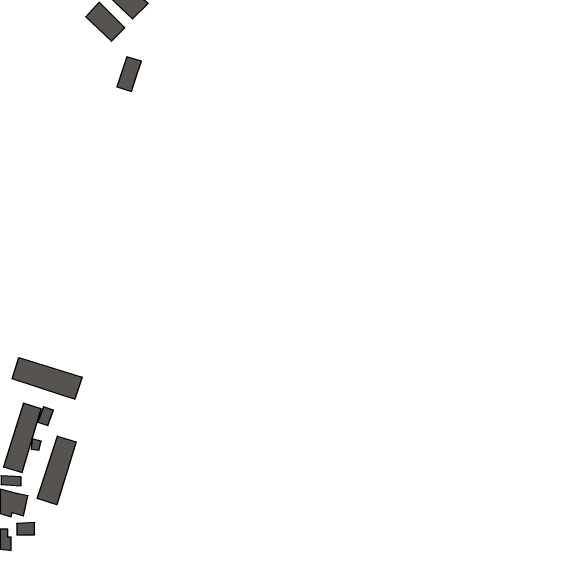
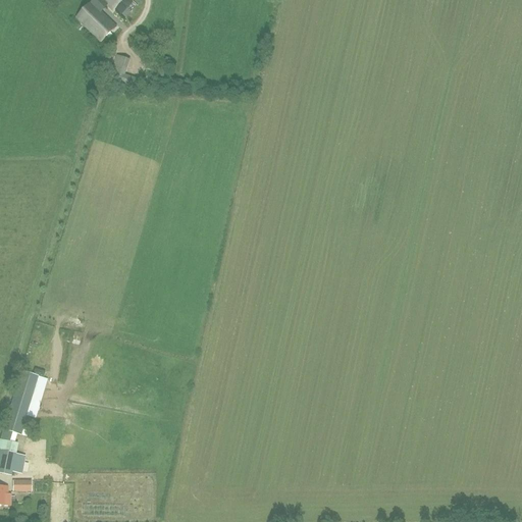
building: [12,358,82,399] -> none
building: [37,436,76,505] -> none

